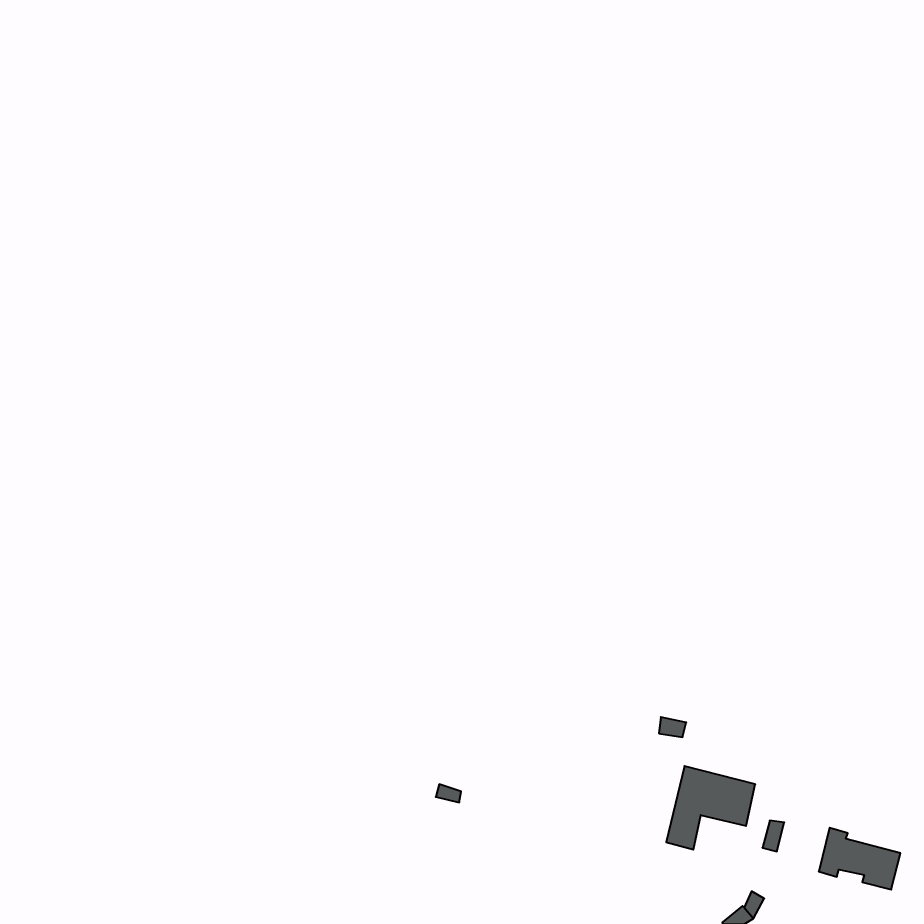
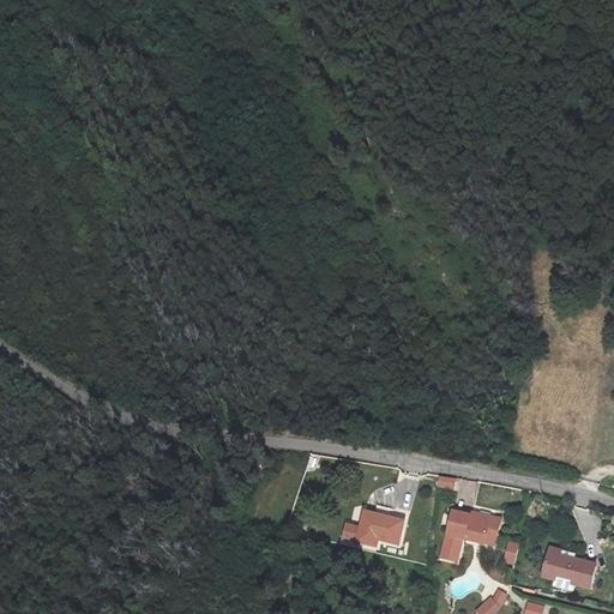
building: none -> [341,507,401,543]

